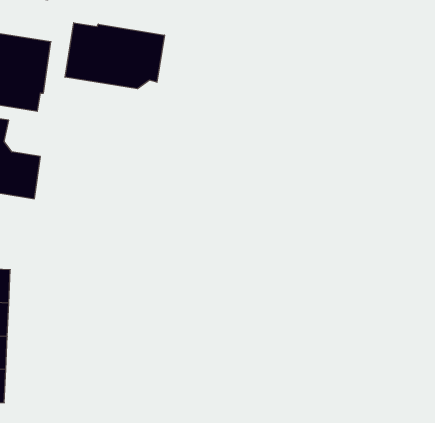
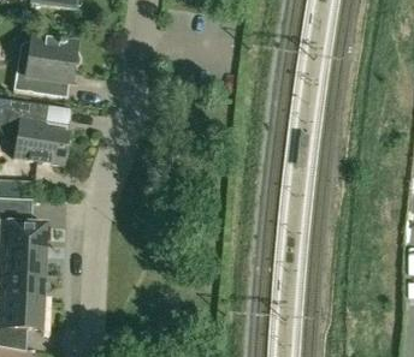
building: [65,23,164,89] -> none

